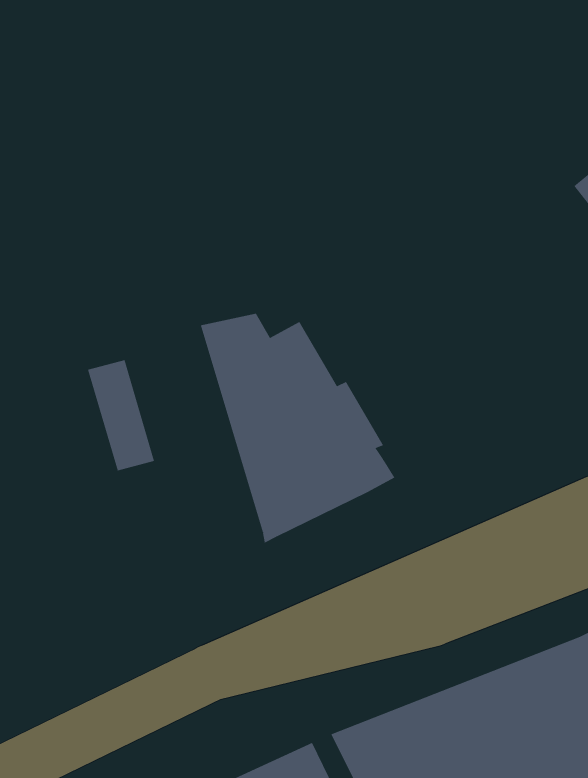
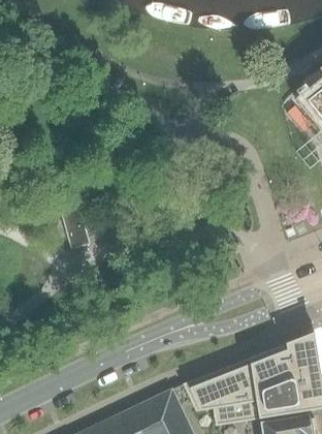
building: [200,313,395,543] -> none

